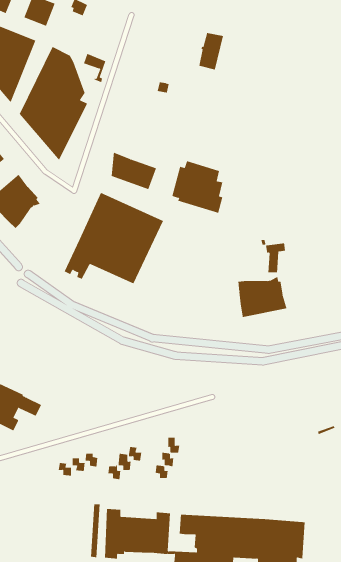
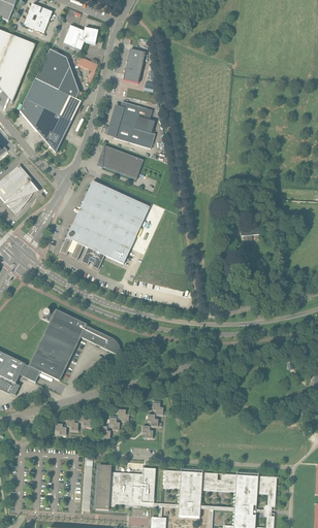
building: none -> [63,25,98,50]
building: [198,32,224,70] -> [123,48,146,82]
building: [172,160,223,213] -> [108,101,155,148]
building: [238,276,287,318] -> none
building: none -> [28,308,120,381]

